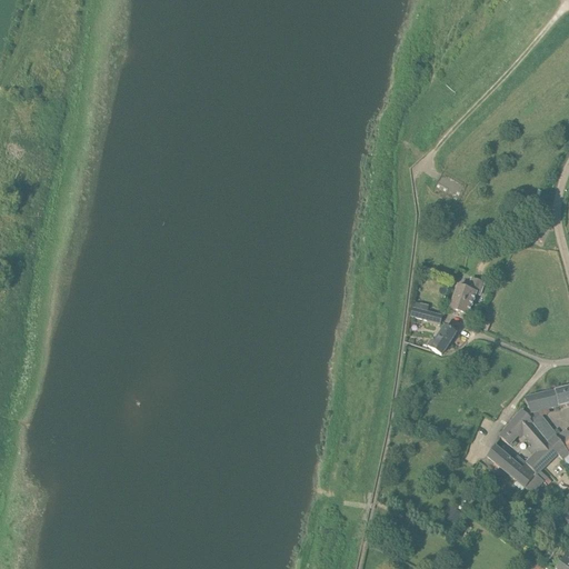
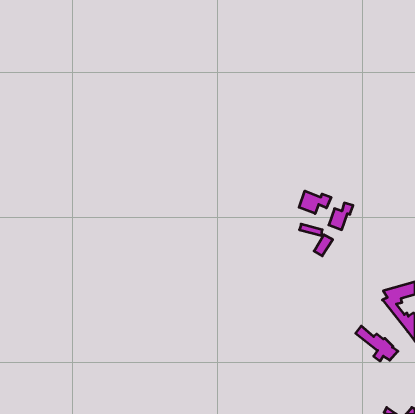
building: none -> [299,191,331,214]
building: [499,409,557,472] -> none

